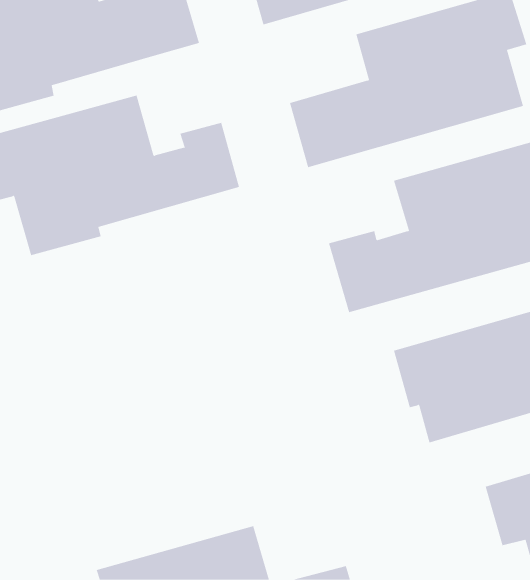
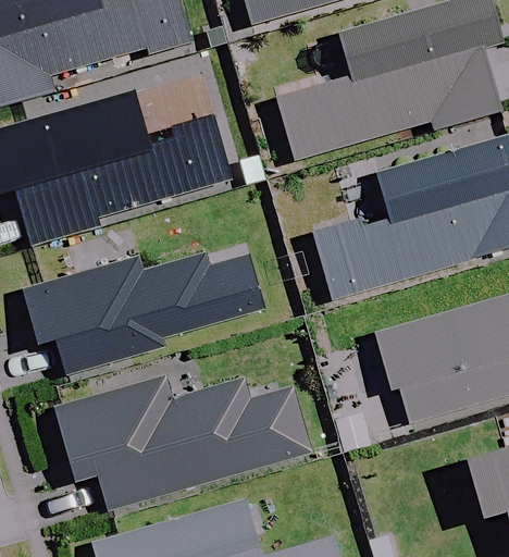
building: none -> [22,255,262,372]
building: none -> [53,377,309,509]

